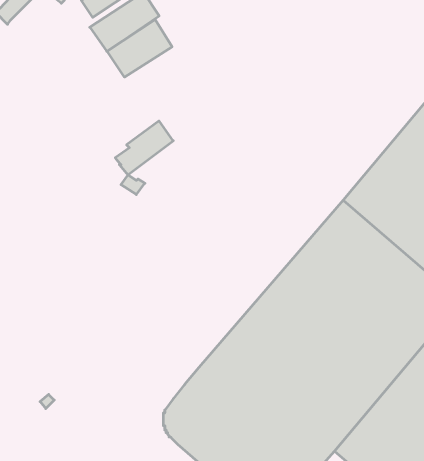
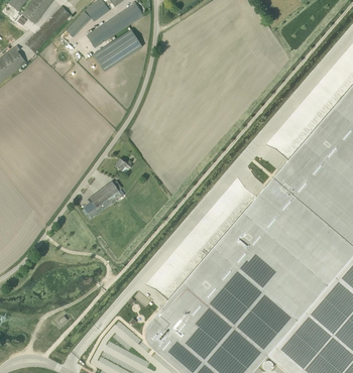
building: [107,19,172,77] -> none
building: [115,121,173,175] -> [81,181,122,220]

